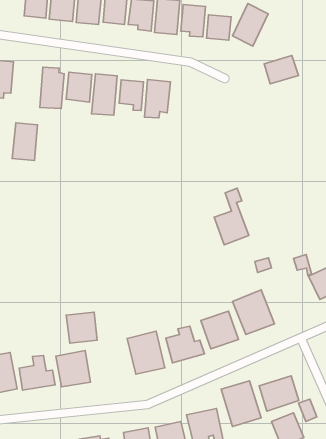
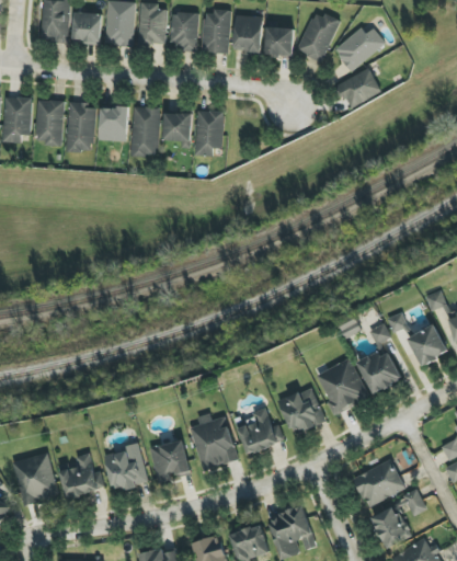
building: none -> [333,27,385,70]
building: [12,123,37,161] -> [35,100,64,145]
building: [214,188,249,245] -> [357,323,401,393]
building: [66,312,97,343] -> [150,440,190,480]
building: [221,381,261,427] -> none

